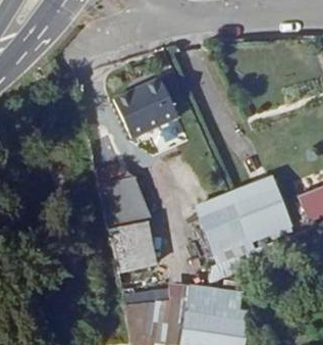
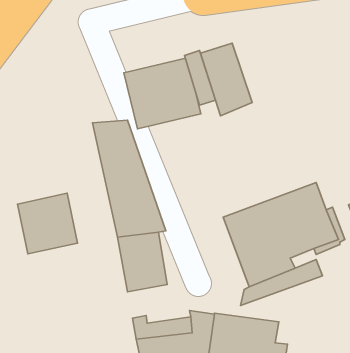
building: none -> [200,43,252,116]
building: none -> [17,193,77,254]

